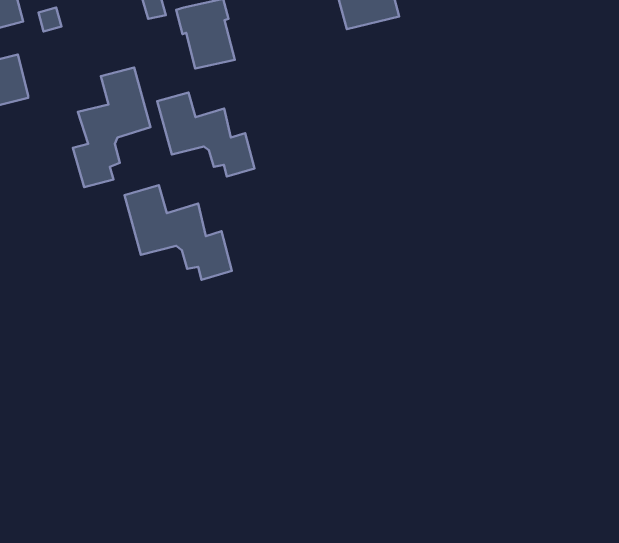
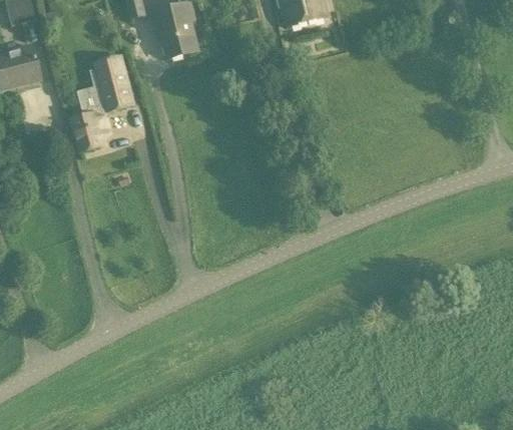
building: [157,92,254,176] -> none
building: [124,185,232,280] -> none

